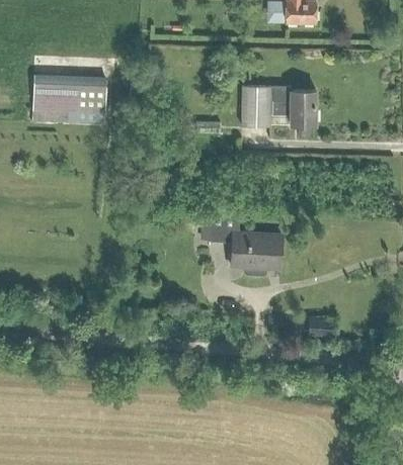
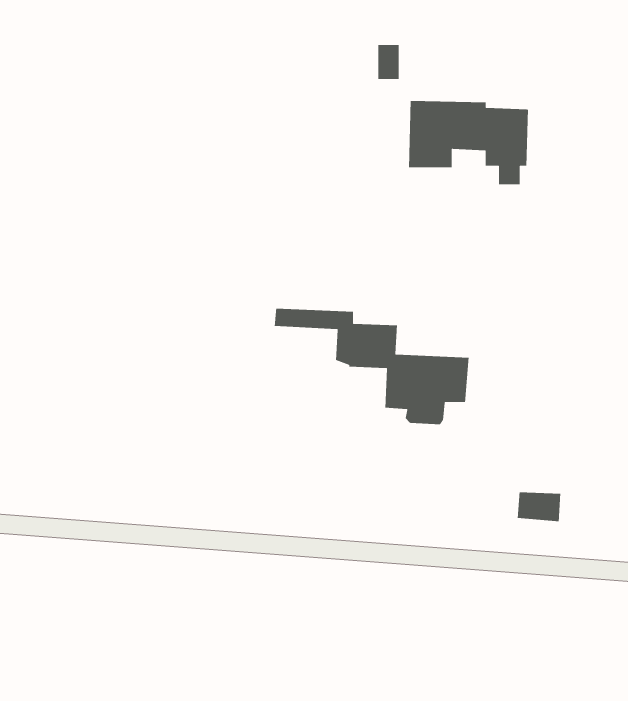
building: [33,79,106,112] -> none

